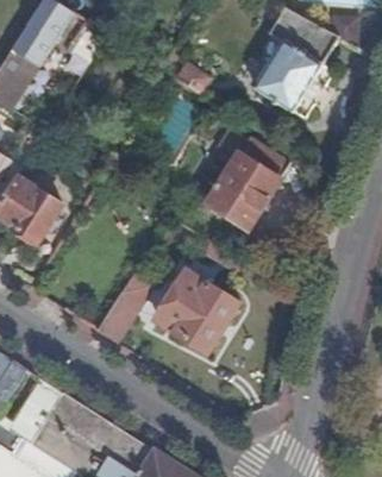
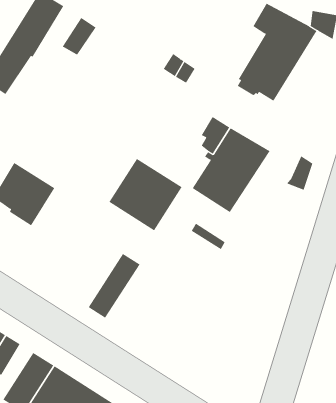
building: [156,272,234,350] -> [109,158,183,231]

